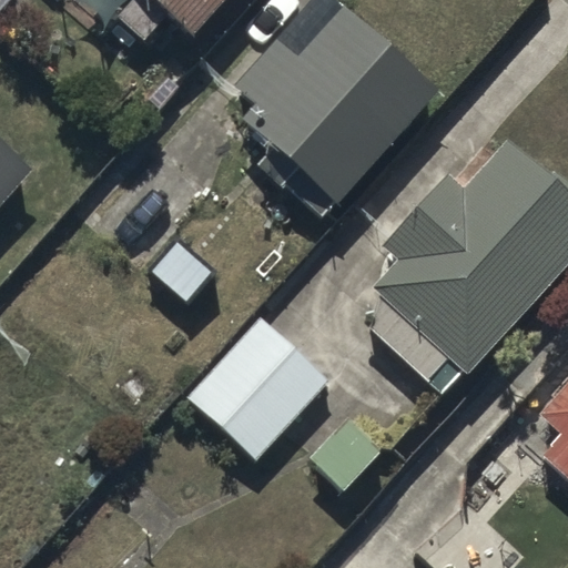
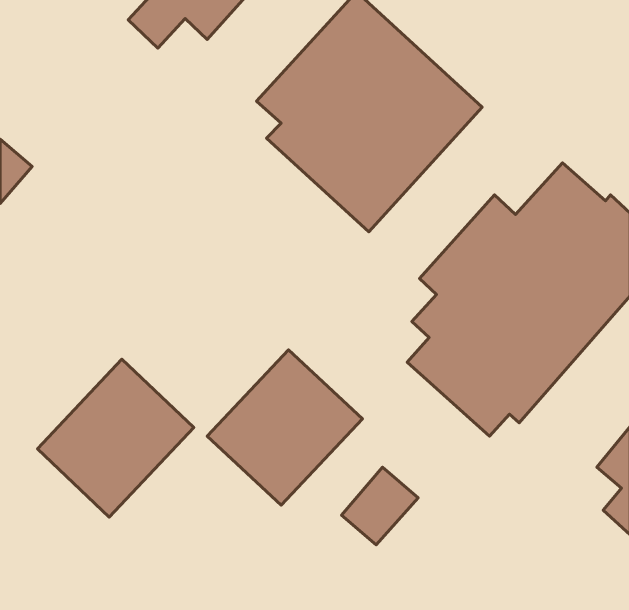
building: none -> [37,359,194,517]

